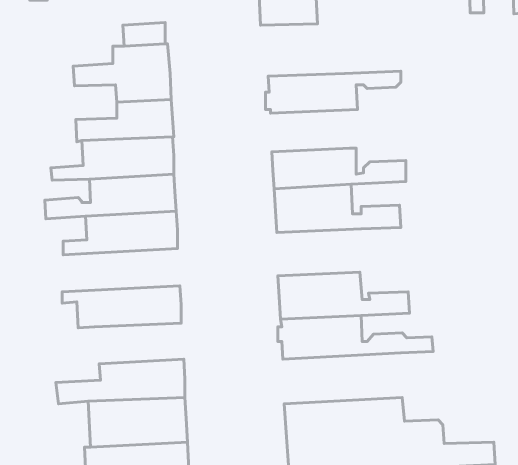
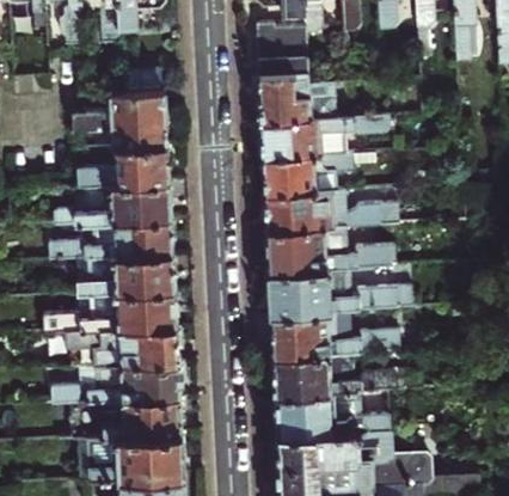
building: none -> [254,69,336,120]
building: none -> [264,151,381,192]
building: none -> [270,267,413,312]
building: none -> [42,286,177,327]
building: none -> [51,357,183,399]
building: none -> [276,386,391,435]

